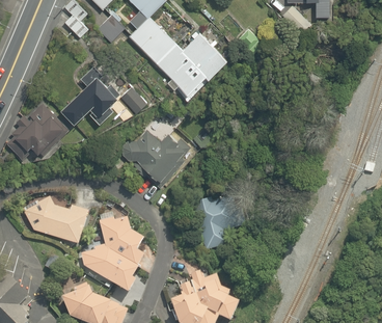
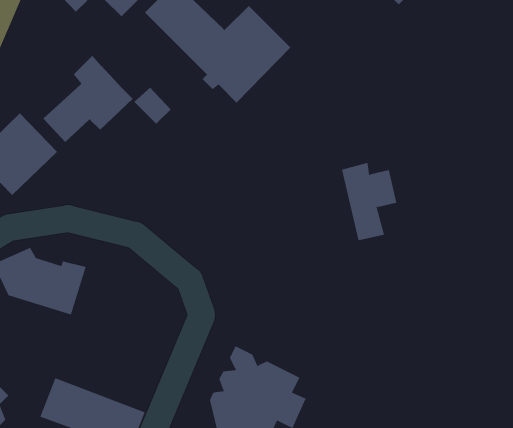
building: [125,128,189,191] -> none
building: [193,197,231,251] -> [341,162,397,241]
building: [77,208,157,295] -> none

